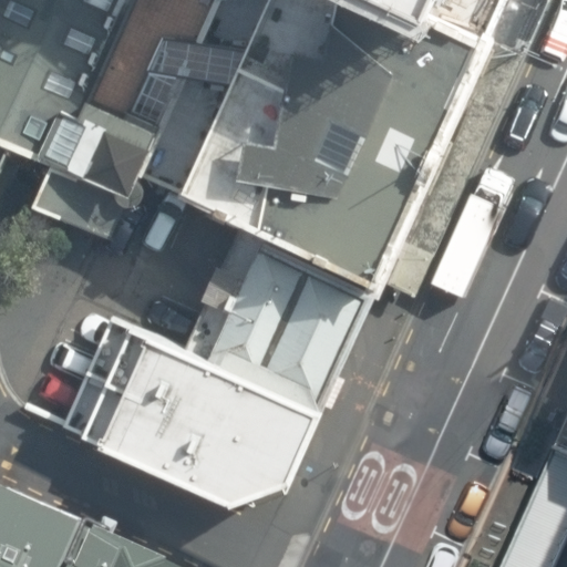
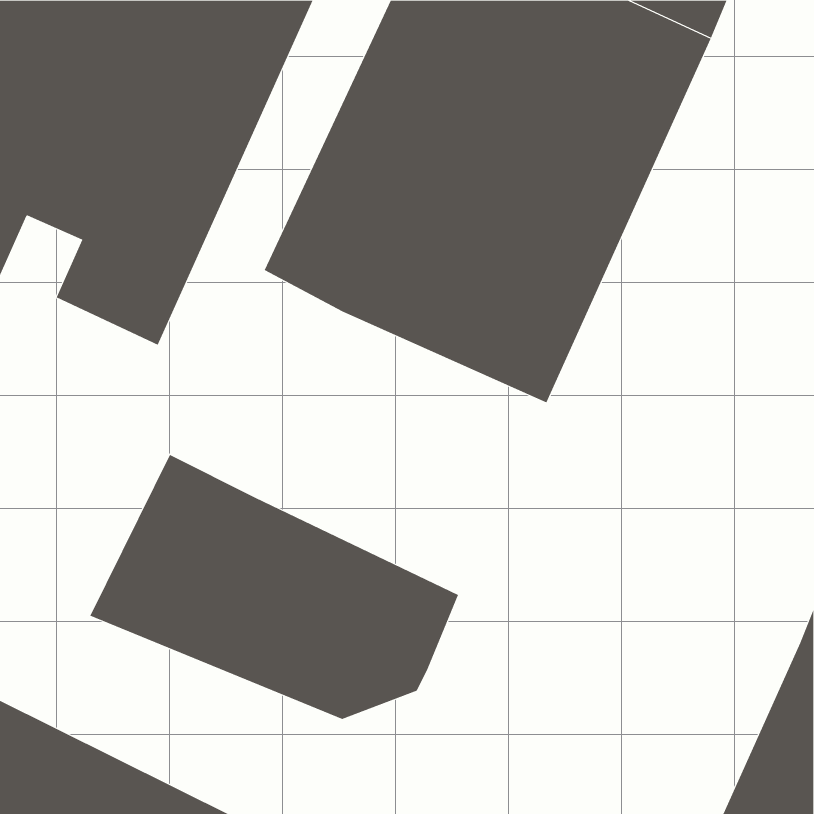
building: [177,218,379,414] -> none

